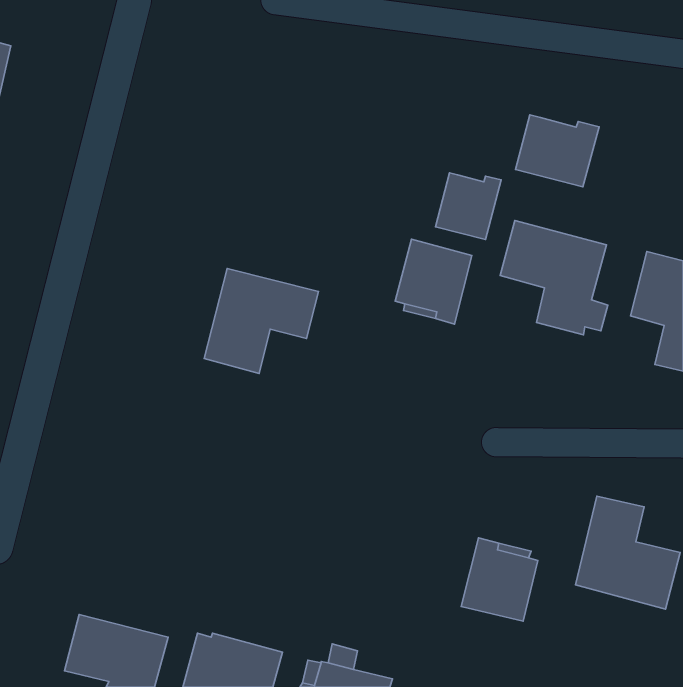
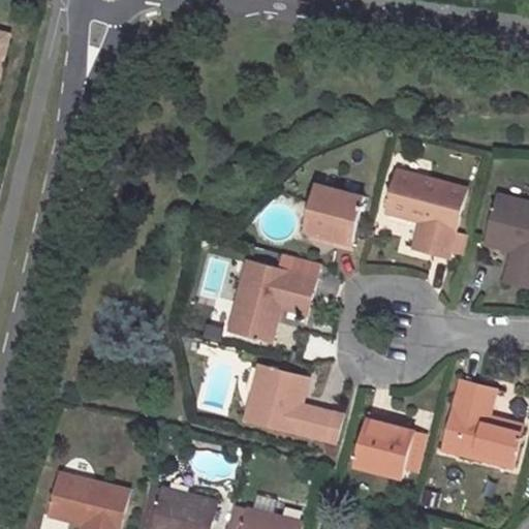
building: [516,115,599,187] -> none
building: [436,173,501,239] -> none
building: [204,269,318,373] -> [228,260,316,341]
building: none -> [244,366,340,443]

